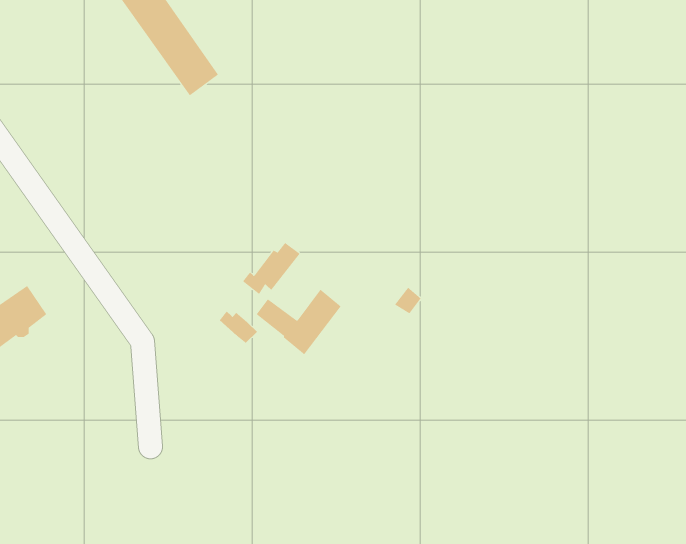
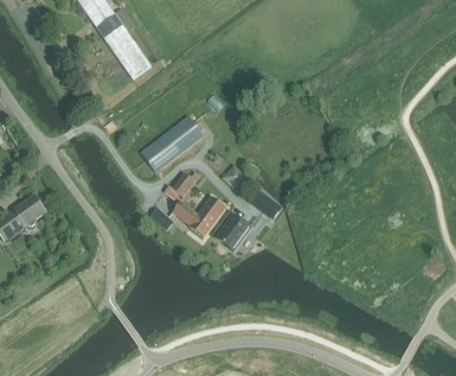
building: none -> [141,114,204,171]
building: none -> [216,212,251,249]

